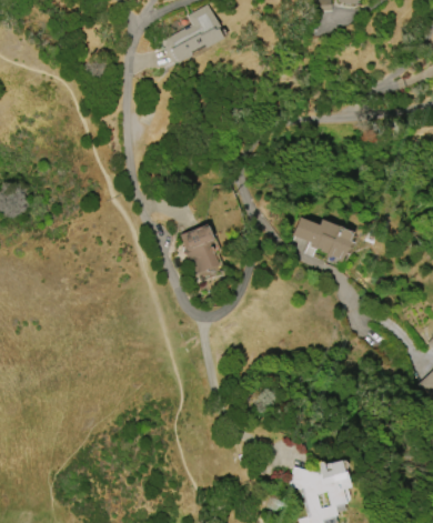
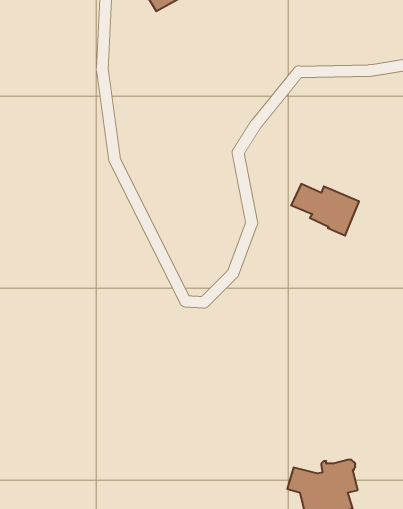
building: [182,225,221,274] -> none

